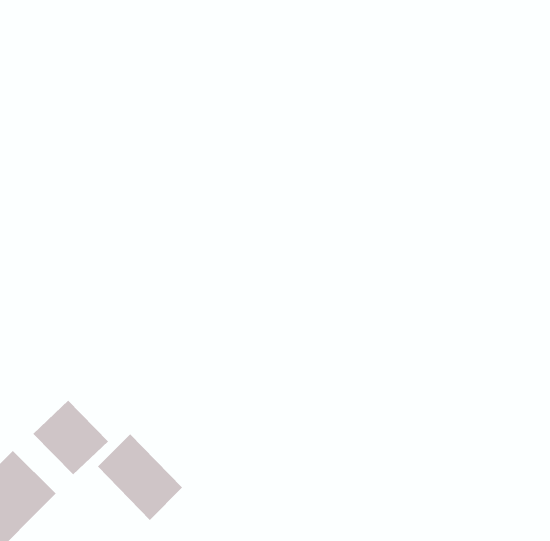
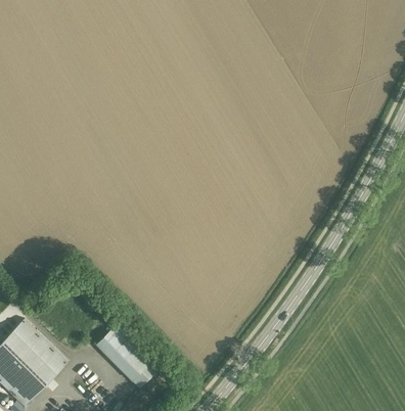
building: [33,400,109,475] -> none

